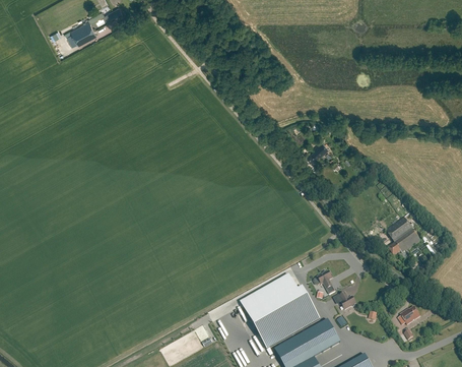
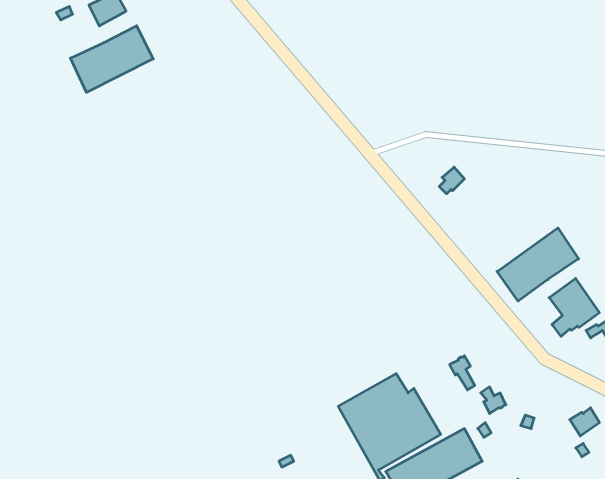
building: none -> [70,26,153,92]
building: none -> [497,228,579,301]

